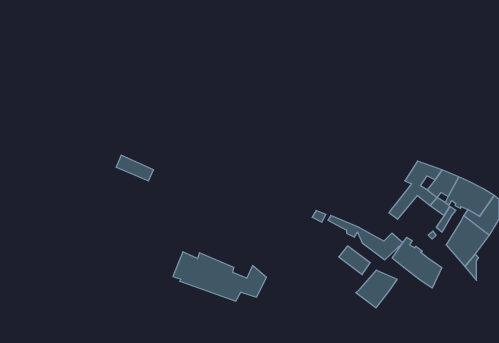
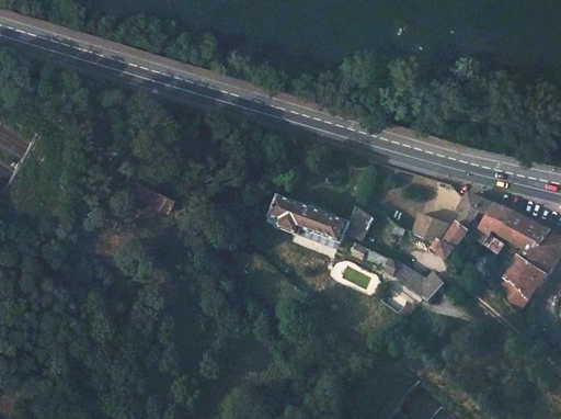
building: none -> [407,213,444,244]
building: [392,237,442,288] -> none
building: [173,252,266,301] -> [270,194,374,249]
building: [356,270,397,308] -> none

